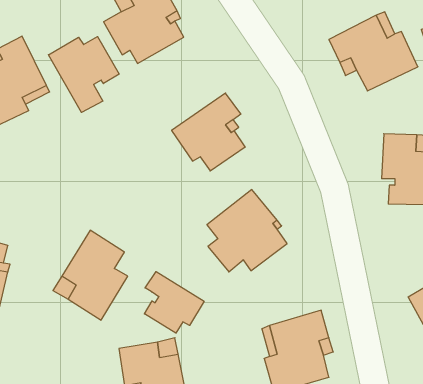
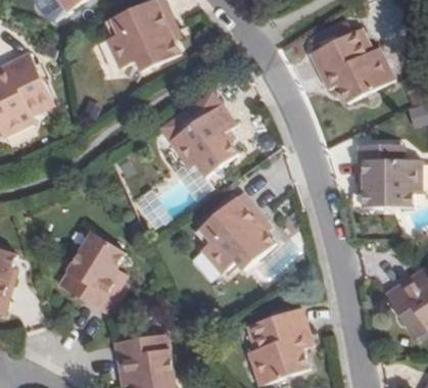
building: [48,37,119,112] -> none
building: [144,272,204,333] -> none

